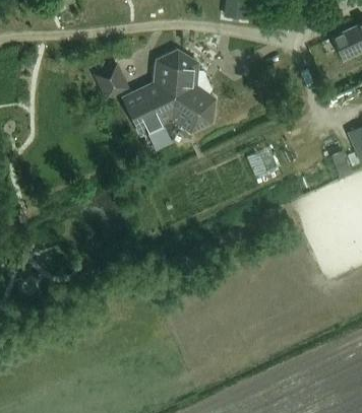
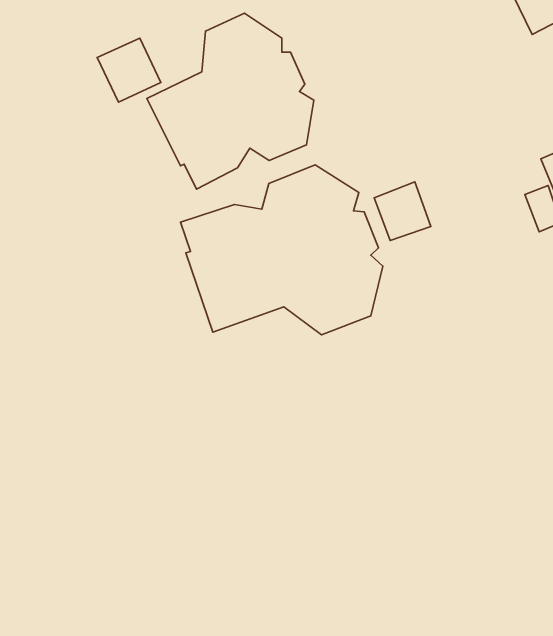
building: none -> [181,165,383,335]

